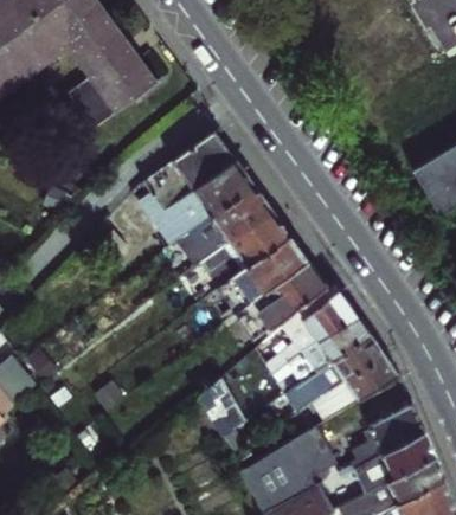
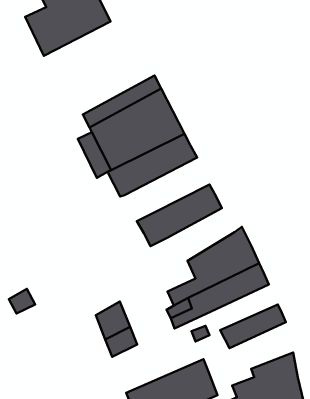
building: [204,214,294,294] -> none
building: [257,265,329,329] -> none
building: [317,340,388,398] -> none

